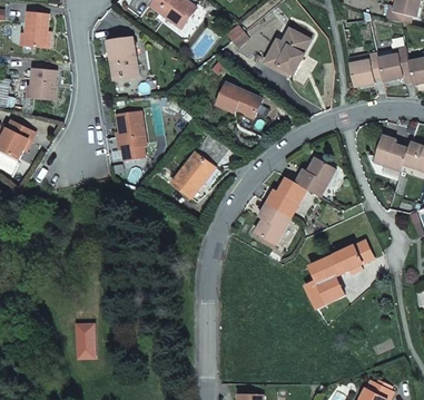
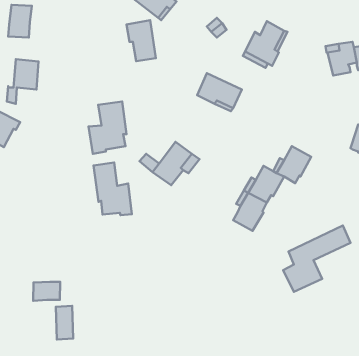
building: [108,38,138,80] -> [126,20,156,61]
building: none -> [94,163,132,215]
building: none -> [33,282,60,301]

